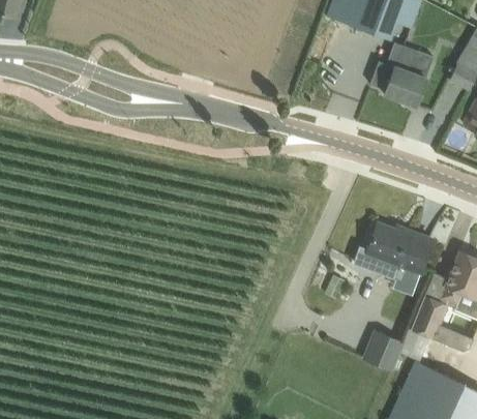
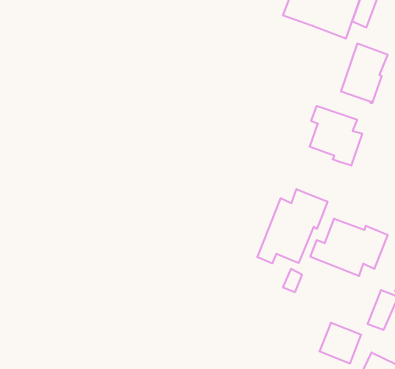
building: none -> [310,106,362,166]
building: none -> [257,189,327,263]

